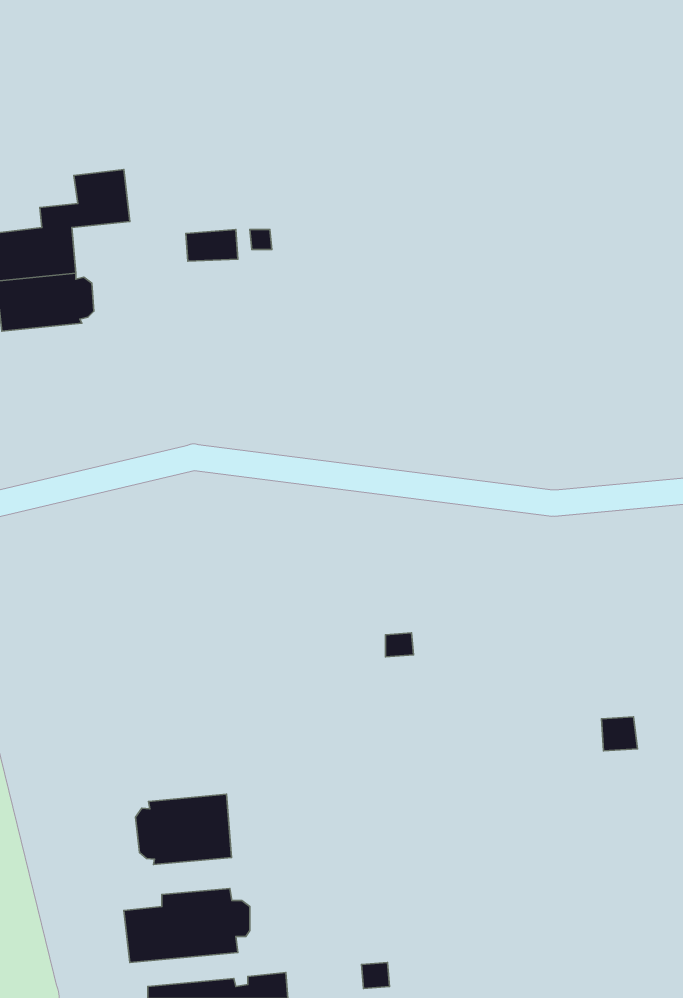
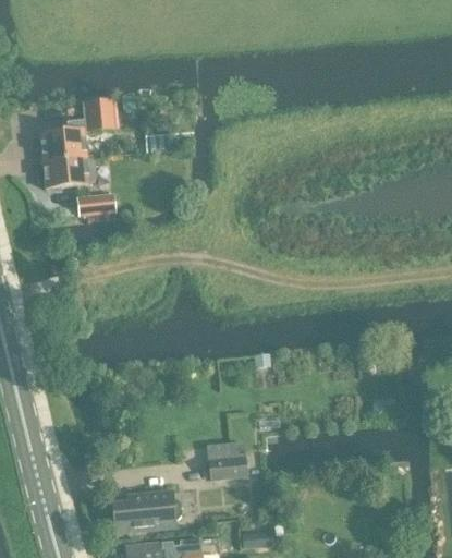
building: none -> [76,192,117,216]
building: [136,794,231,865] -> none
building: none -> [209,457,245,480]

